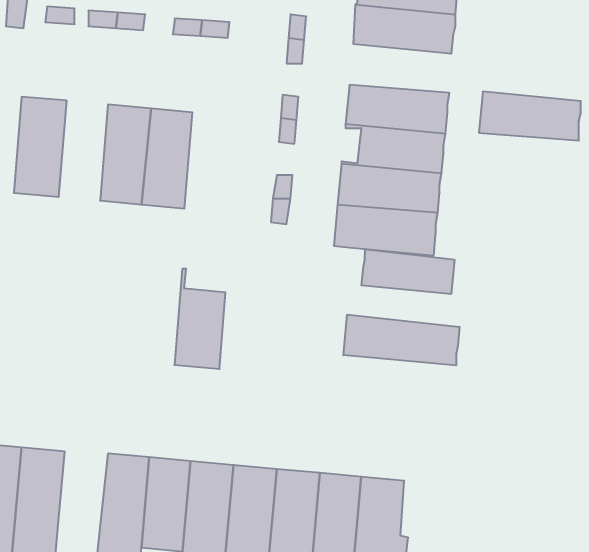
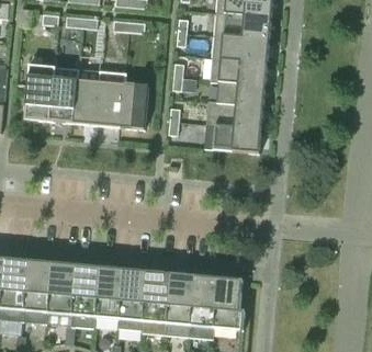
building: [479,92,581,141] -> [212,35,269,63]
building: none -> [49,67,77,123]
building: [361,249,454,294] -> none
building: [174,269,225,369] -> [120,73,148,129]
building: [343,315,459,365] -> none
building: none -> [48,263,77,315]

